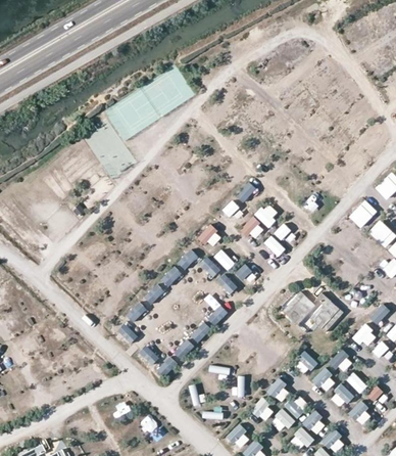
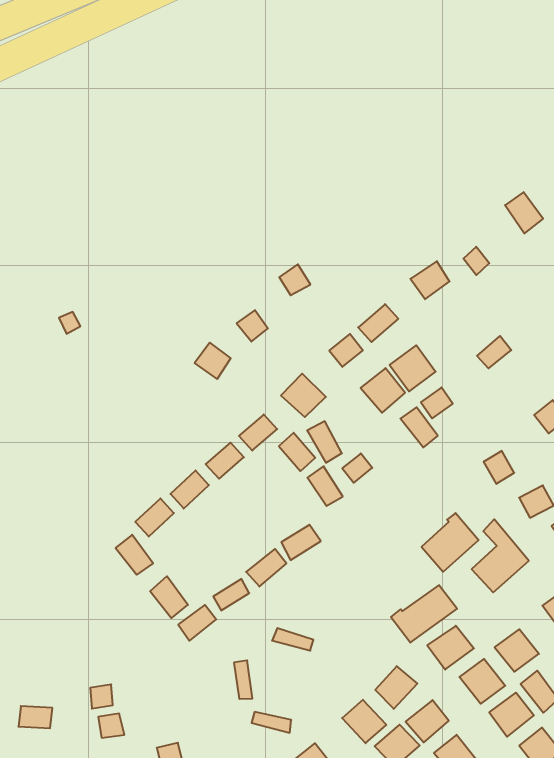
building: none -> [391,585,457,643]

